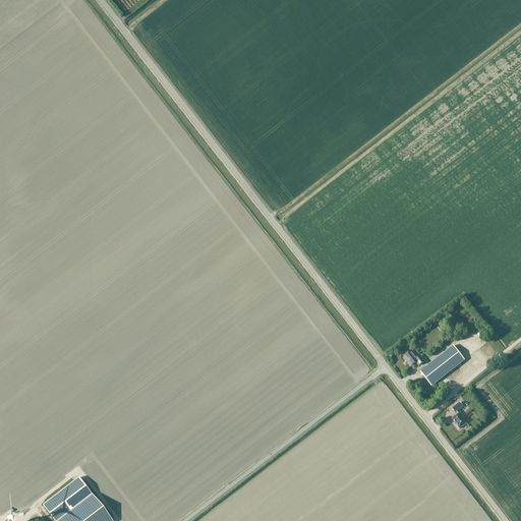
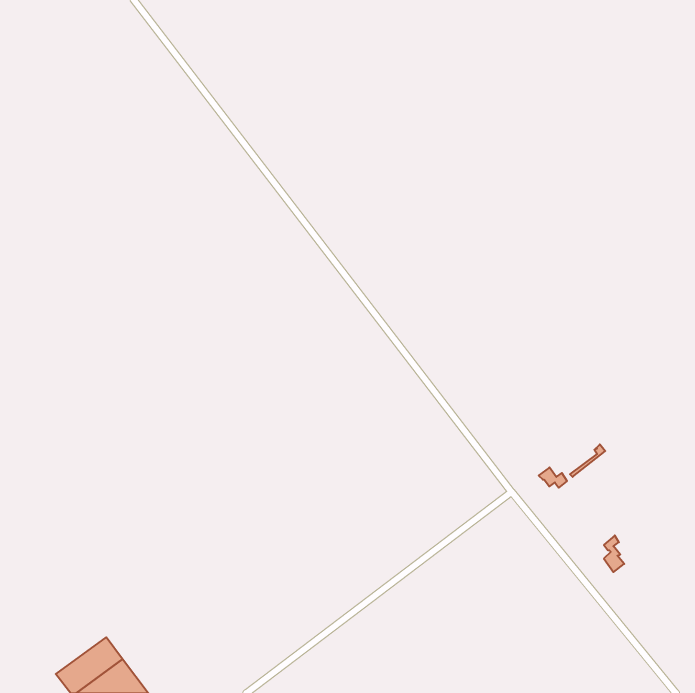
building: [420,345,464,386] -> none

